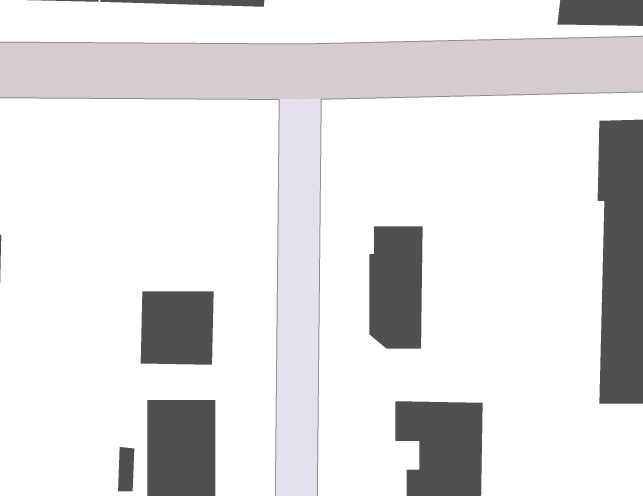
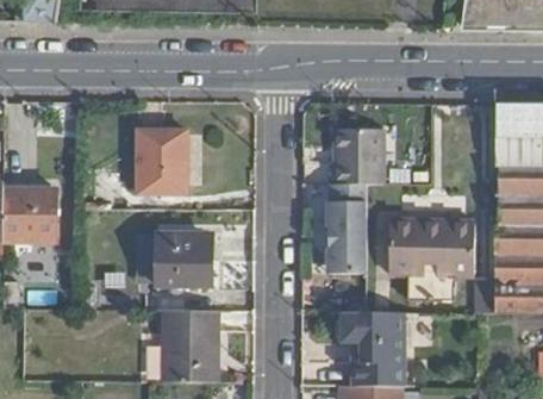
building: none -> [331,127,386,181]
building: none -> [135,129,187,192]
building: none -> [389,218,470,298]

